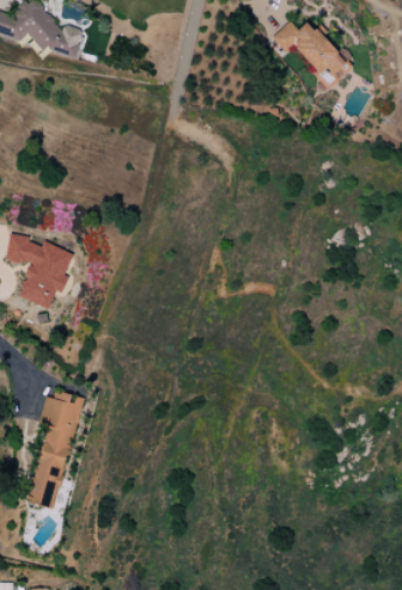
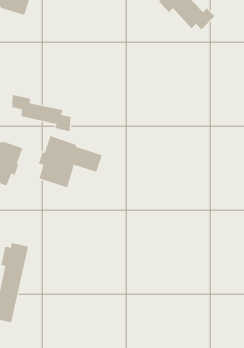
building: none -> [12,94,71,132]
building: none -> [38,135,103,188]

